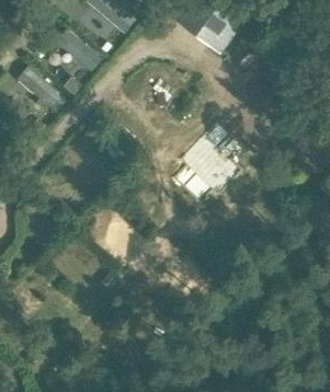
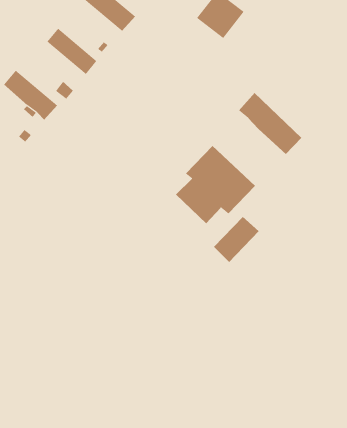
building: none -> [238,92,302,155]
building: none -> [213,216,260,263]

